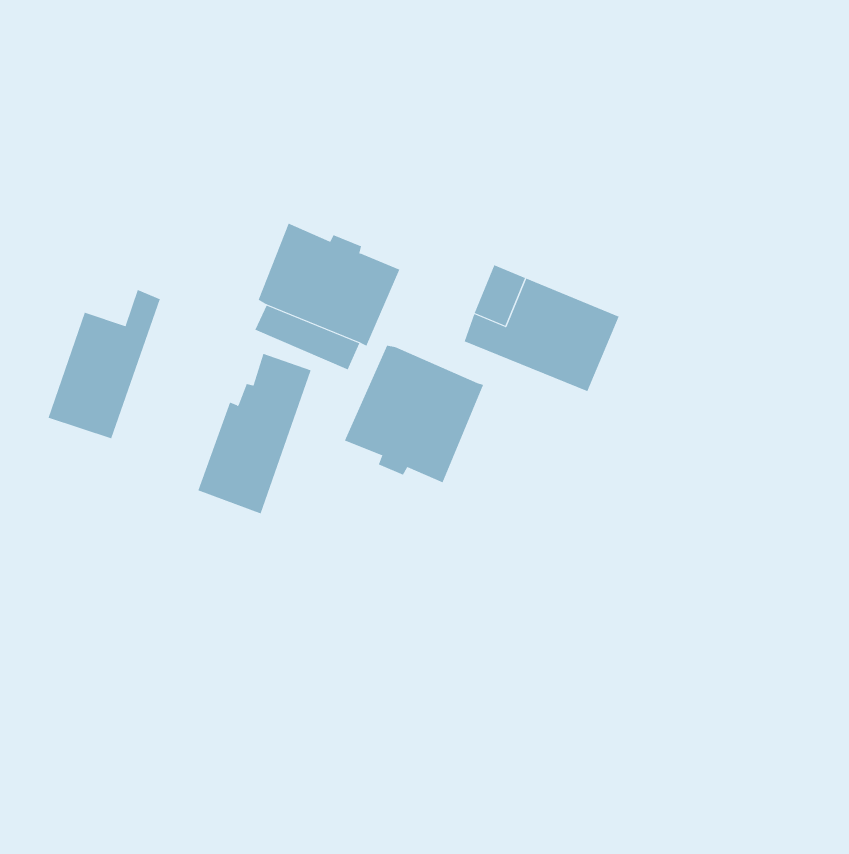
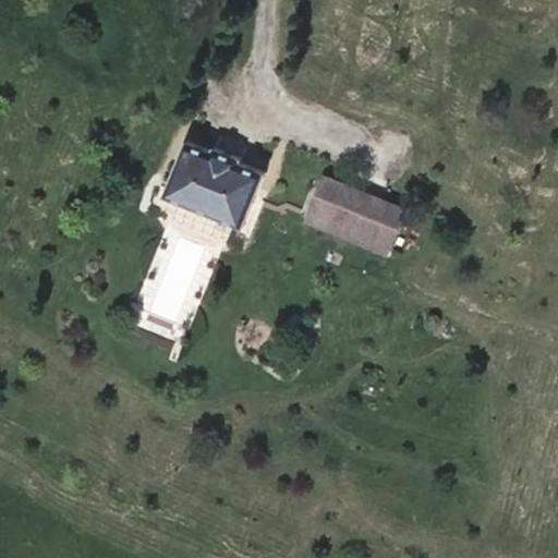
building: [48,289,160,439] -> none
building: [344,345,484,483] -> none

